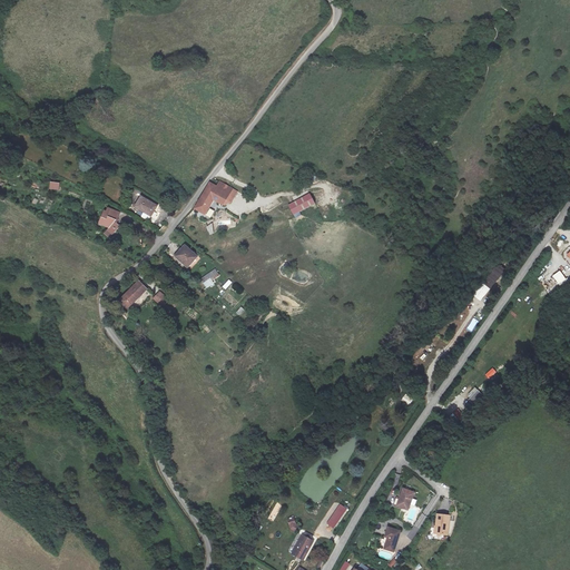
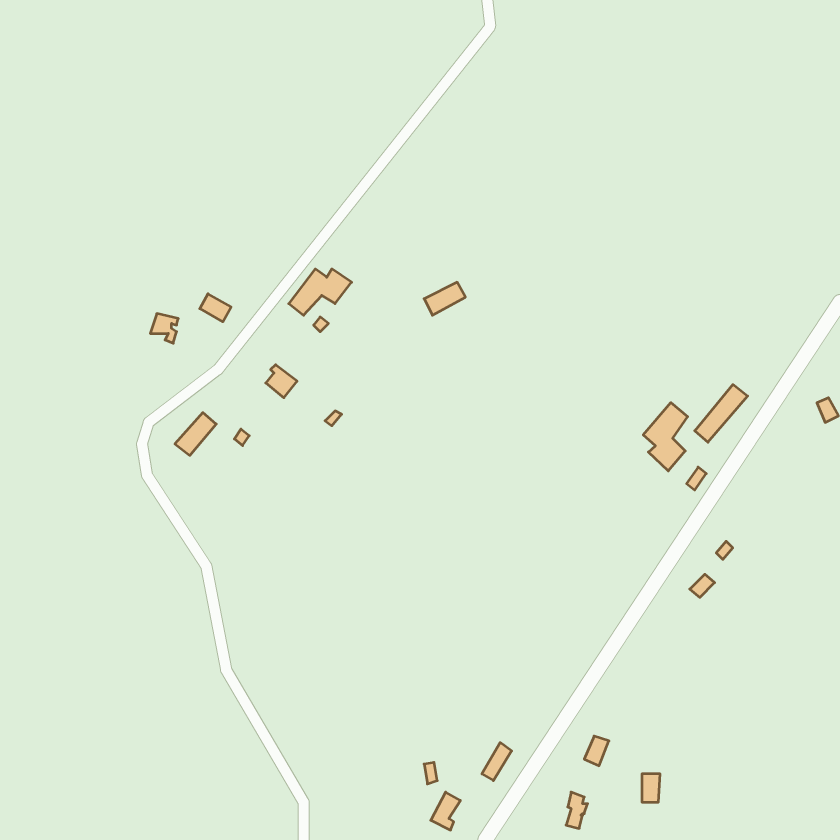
building: none -> [643,403,688,471]

